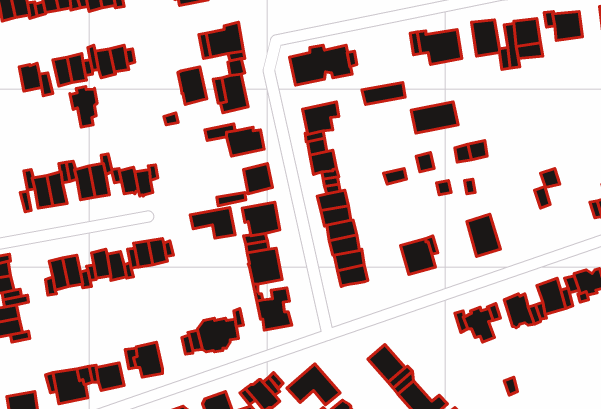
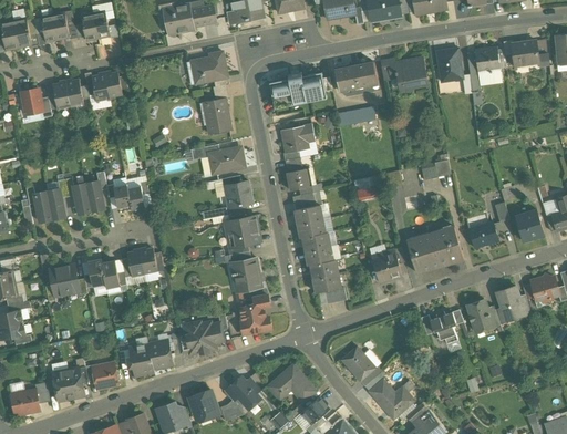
building: [178,67,207,104] -> none
building: [70,86,97,127] -> none
building: [411,102,458,133] -> [334,62,378,91]
building: none -> [515,209,544,240]
building: [190,207,235,238] -> none
building: none -> [468,221,497,248]
building: none -> [406,234,441,273]
building: none -> [147,341,172,369]

